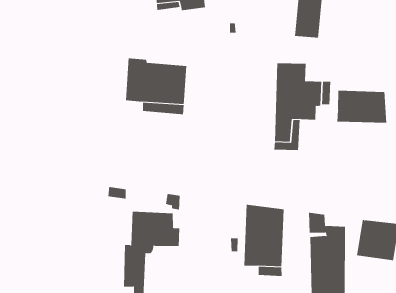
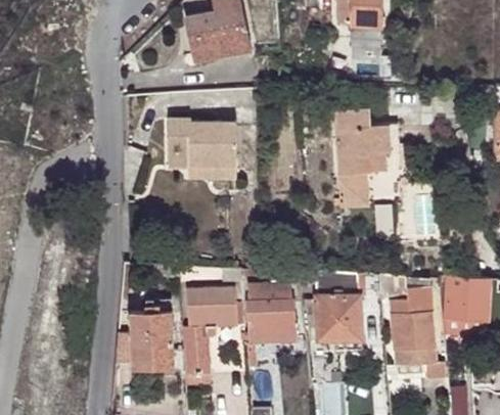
building: [337,90,387,124] -> none
building: none -> [244,281,297,345]
building: none -> [116,312,175,369]

